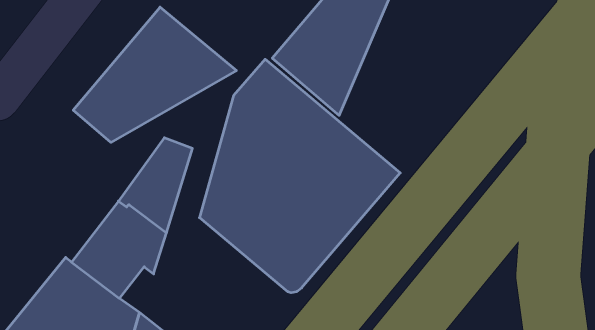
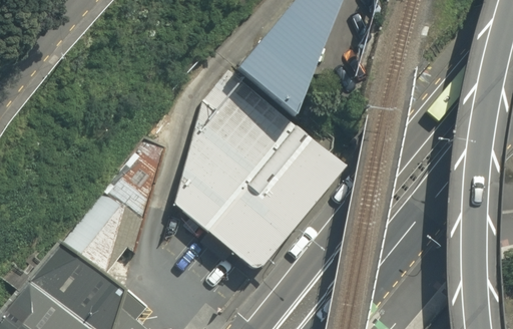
building: [73,7,236,142] -> none

